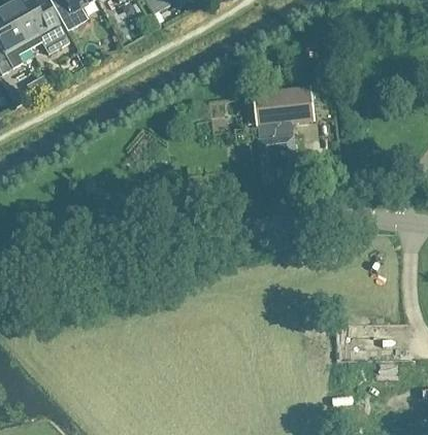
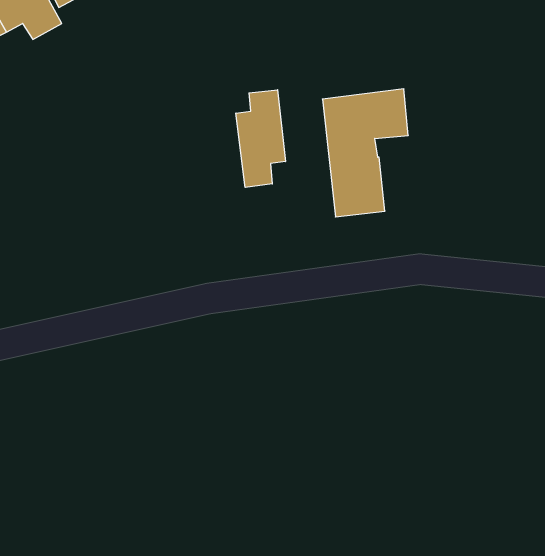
building: none -> [236,90,285,187]

